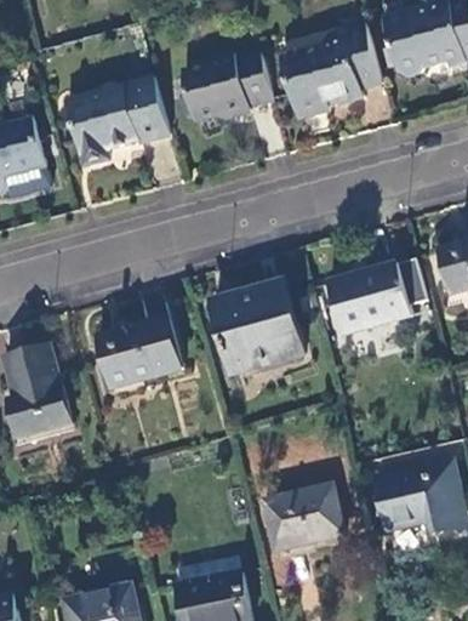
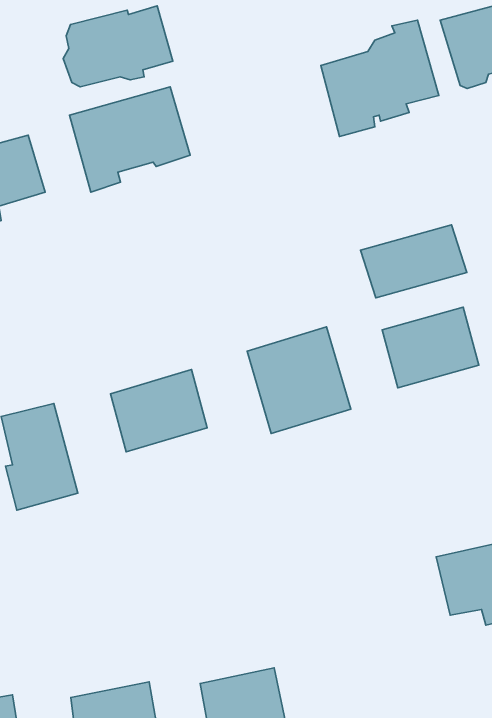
building: [177,51,270,120] -> [63,6,173,87]
building: none -> [361,225,467,298]
building: [264,484,344,549] -> none

